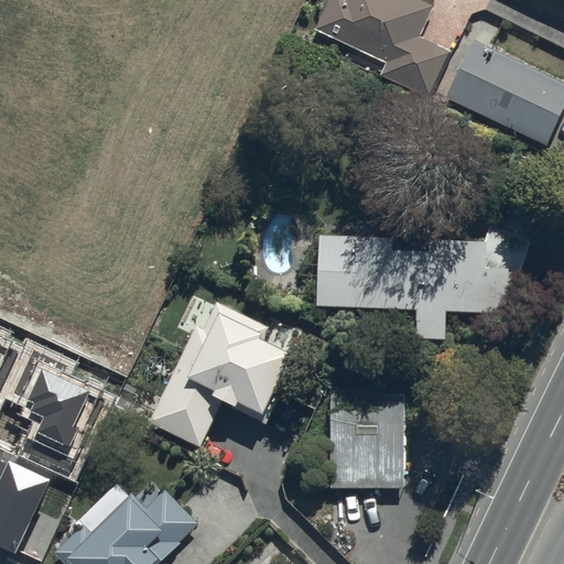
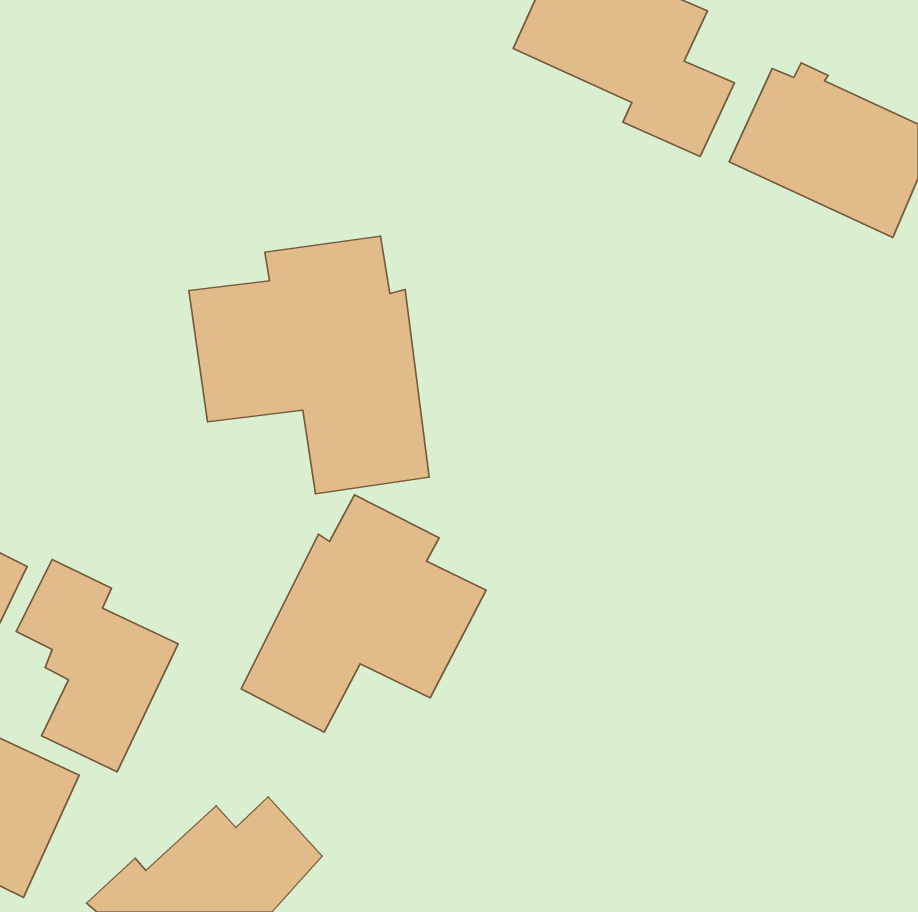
building: none -> [189,236,429,494]
building: [315,213,535,343] -> none
building: [329,394,404,489] -> none

